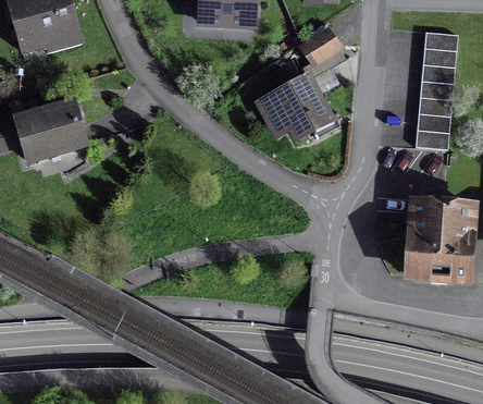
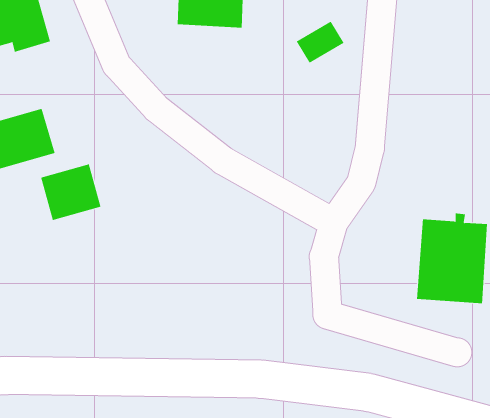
building: [414,33,458,149] -> none
building: [261,76,337,139] -> none
building: none -> [41,164,101,221]

